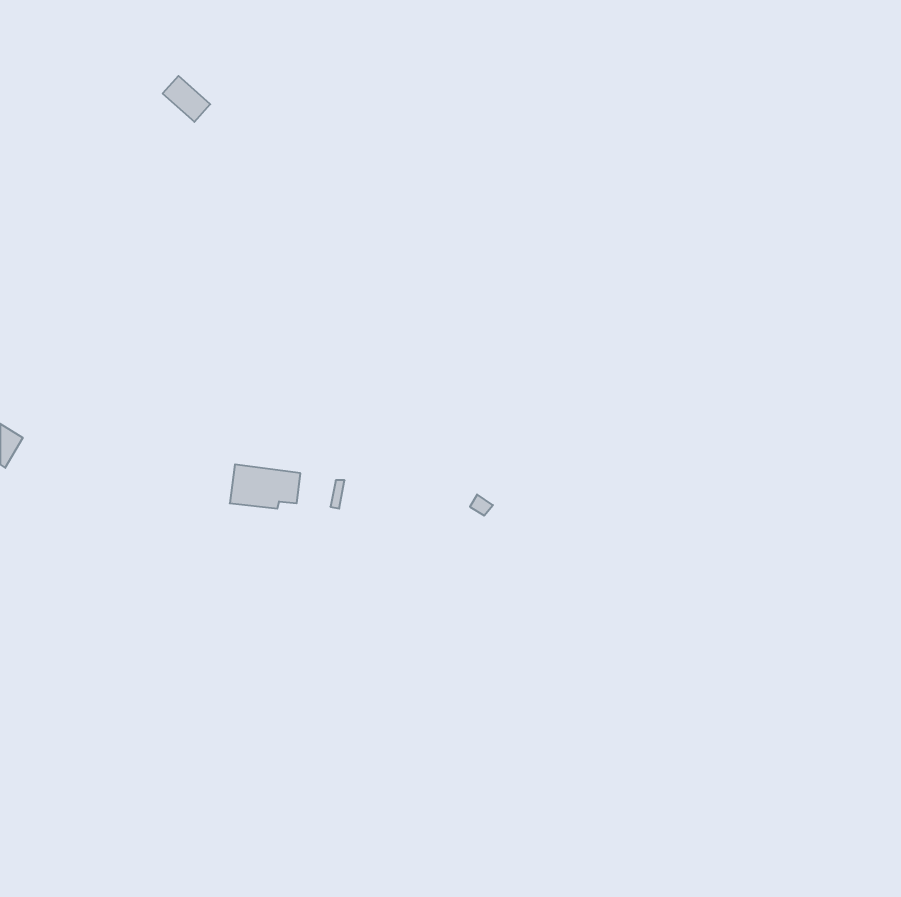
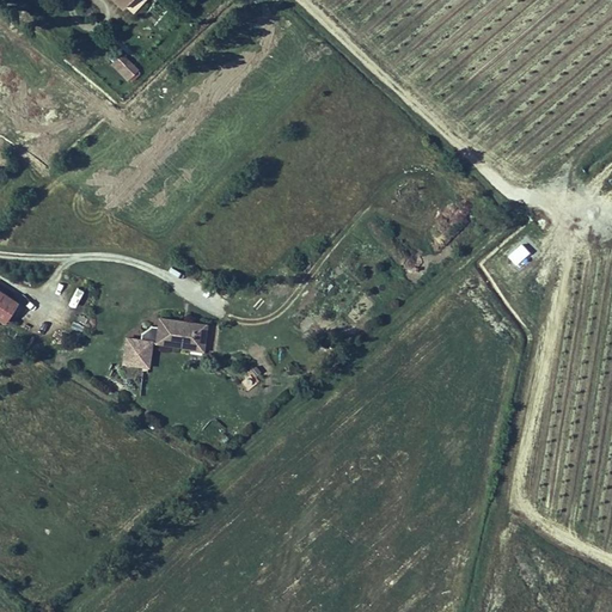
building: none -> [124,339,152,368]

